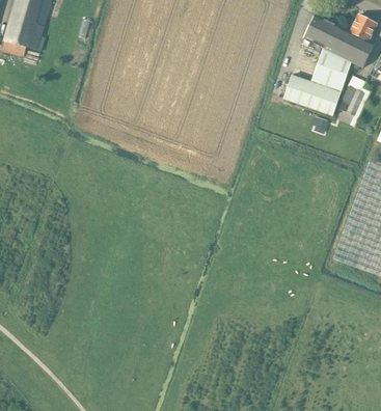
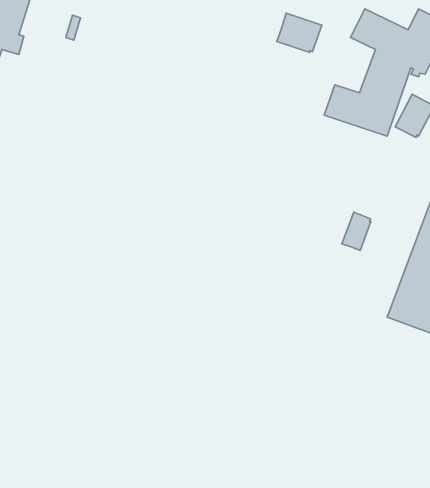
building: none -> [277,13,322,53]
building: none -> [342,212,371,250]

